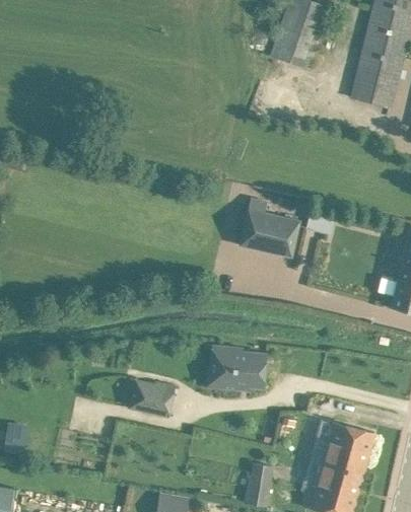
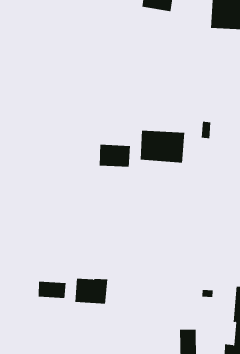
building: none -> [99,144,131,168]
building: [209,345,266,389] -> none
building: none -> [38,281,66,299]

